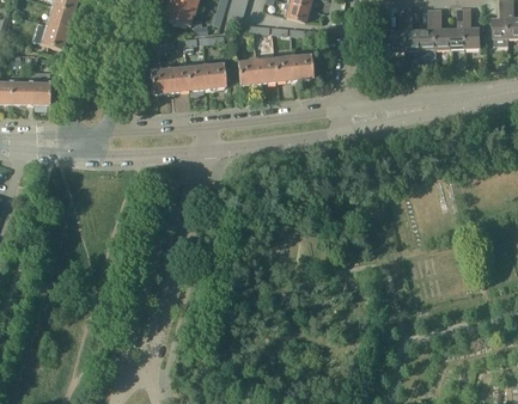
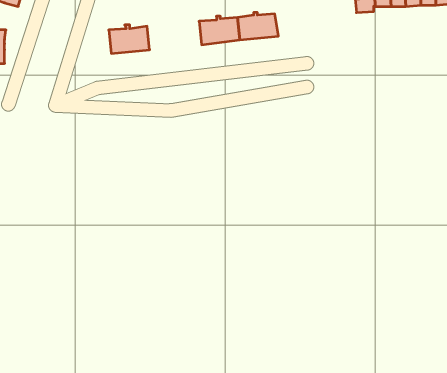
building: [187,63,225,91] -> none

